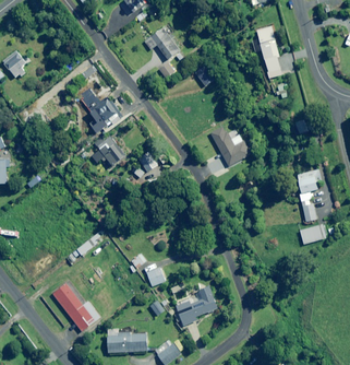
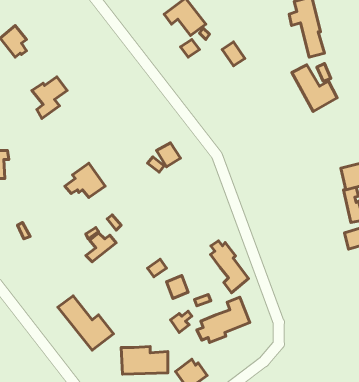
building: [87,97,118,133] -> [32,77,67,118]
building: [207,121,246,162] -> [292,65,337,112]
building: [90,136,125,165] -> [65,163,105,197]
building: none -> [211,241,249,293]

